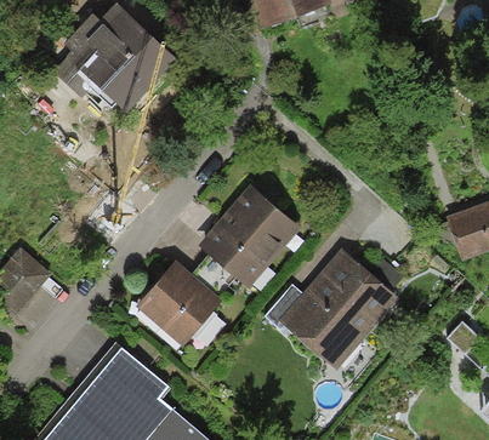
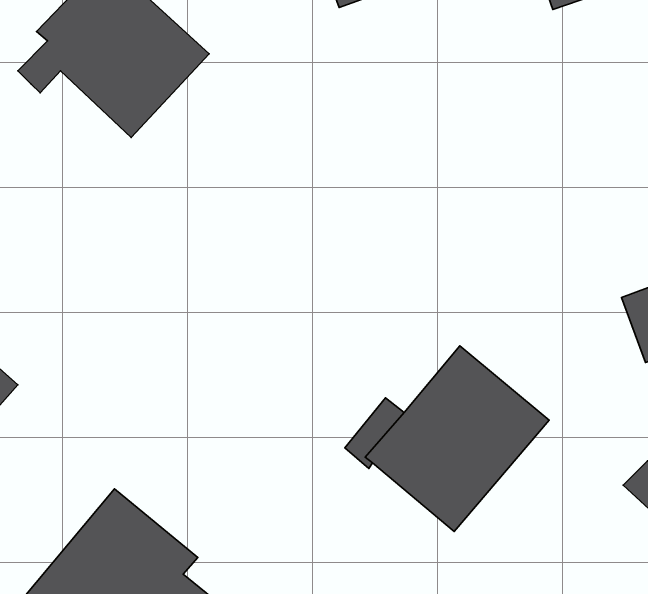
building: [197,184,300,290] -> none
building: [136,261,222,347] -> none

